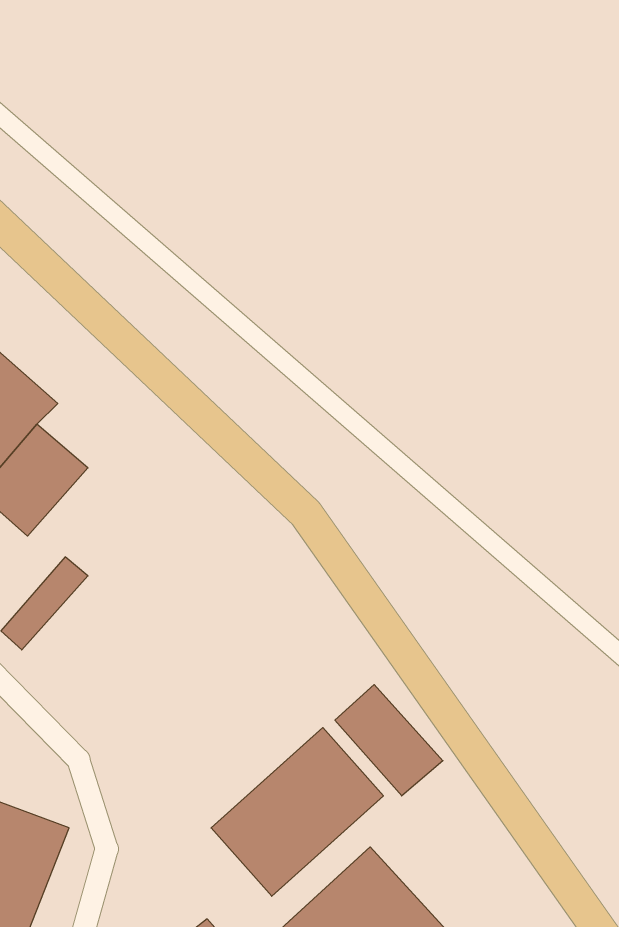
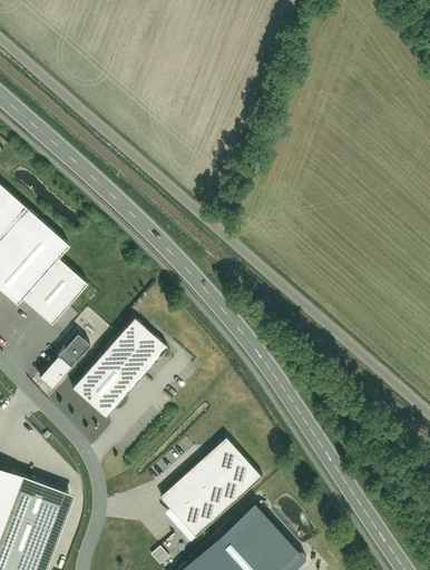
building: none -> [70,323,165,421]
building: [335,685,443,796] -> none

